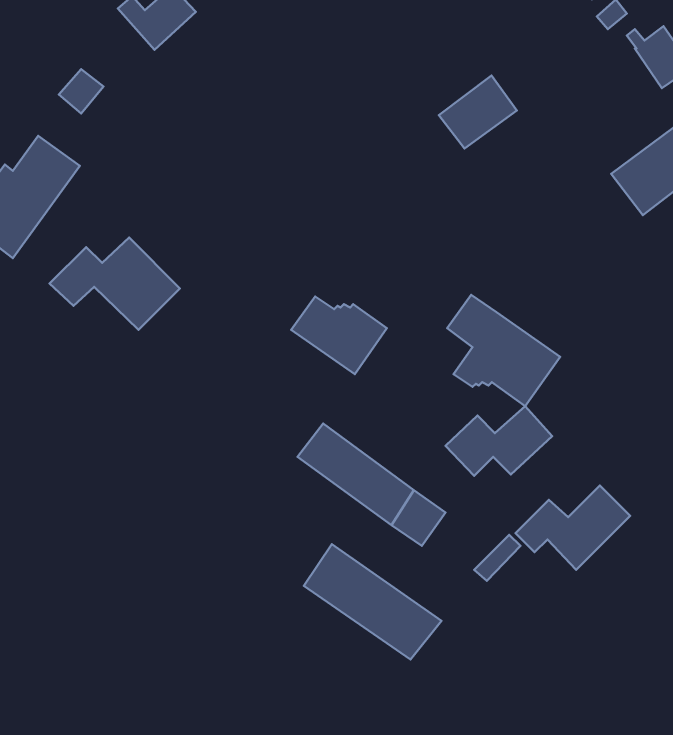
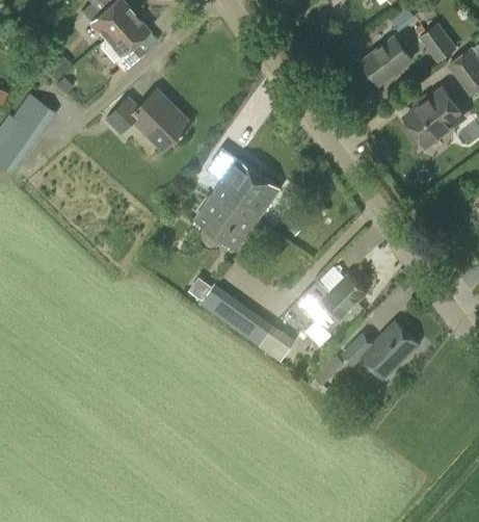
building: none -> [105,14,148,56]
building: [439,76,517,149] -> [361,37,411,85]
building: [50,238,180,330] -> [105,90,190,151]
building: [447,295,560,406] -> [206,148,280,220]
building: [304,544,441,660] -> none

